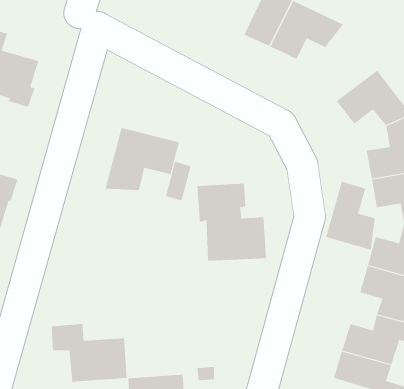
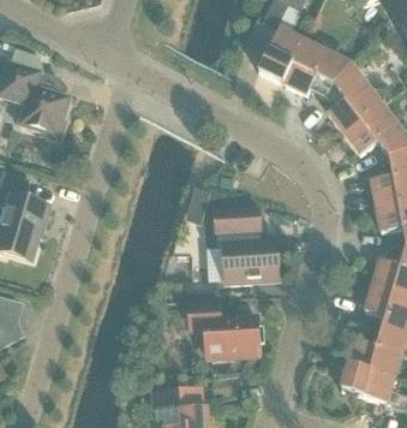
building: none -> [327,61,381,132]
building: [105,127,180,191] -> none
building: [326,181,375,251] -> none
building: [51,324,128,382] -> [187,303,258,357]

